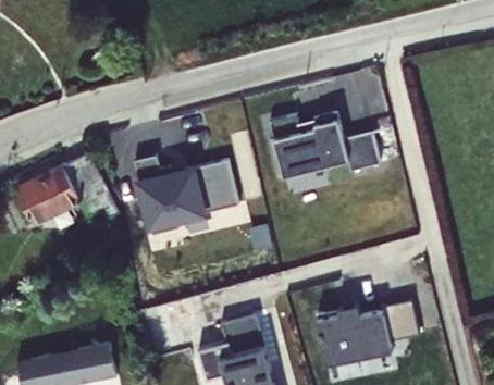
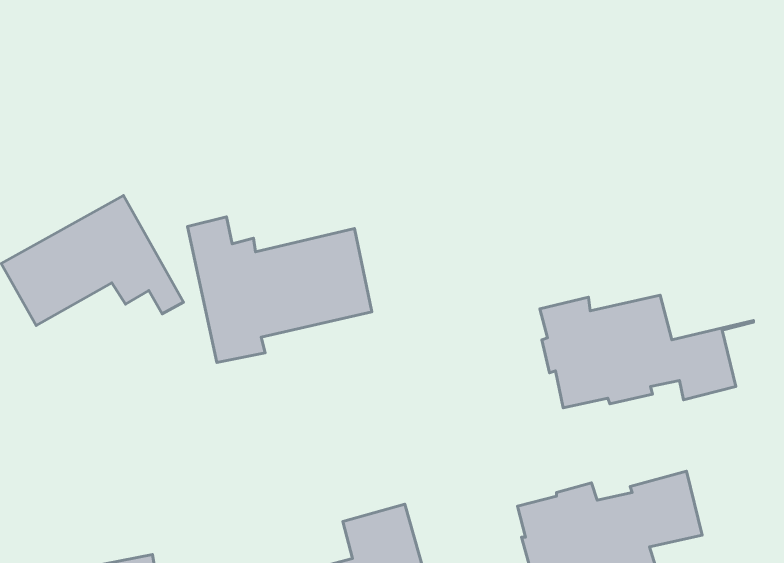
building: [269,114,388,177] -> [540,295,753,408]

